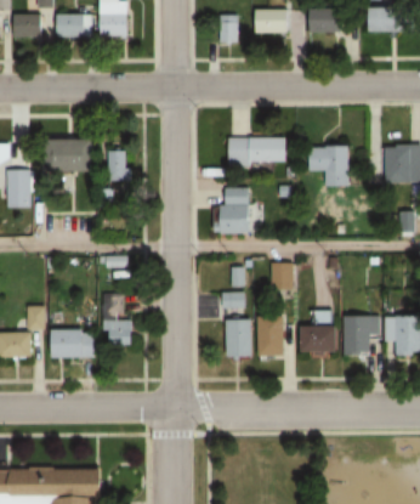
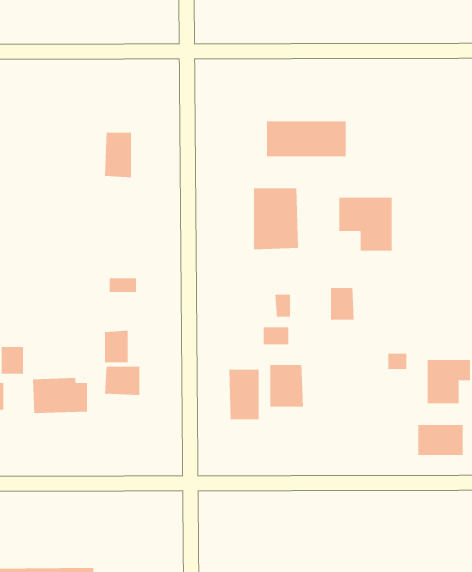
building: [45,140,95,172] -> none
building: [307,147,347,187] -> [339,197,393,251]
building: [261,315,284,352] -> [228,369,259,420]
building: [305,325,339,349] -> [417,424,463,456]

